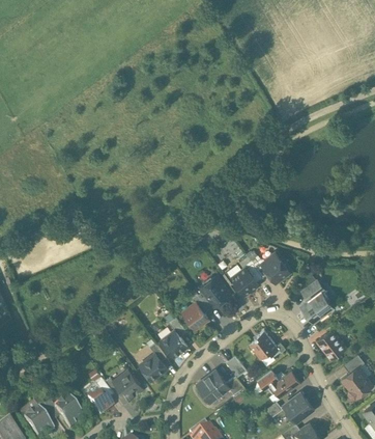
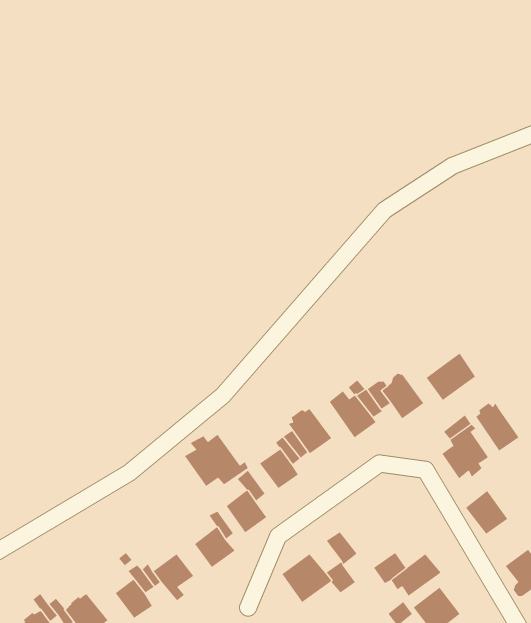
building: none -> [426,353,476,401]
building: none -> [475,403,519,452]
building: none -> [184,434,248,487]
building: [248,331,284,360] -> none

